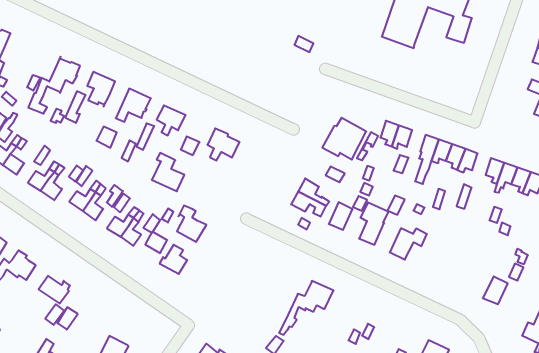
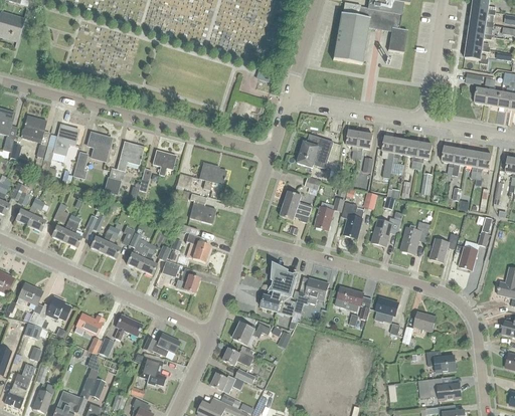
building: none -> [21,115,46,142]
building: [152,153,184,191] -> [189,193,216,223]
building: none -> [399,221,430,253]
building: none -> [430,233,458,261]
building: none -> [261,268,297,316]
building: none -> [114,314,143,340]
building: none -> [335,285,364,309]
building: none -> [143,333,180,356]
building: none -> [374,296,398,322]
building: none -> [232,322,271,345]

